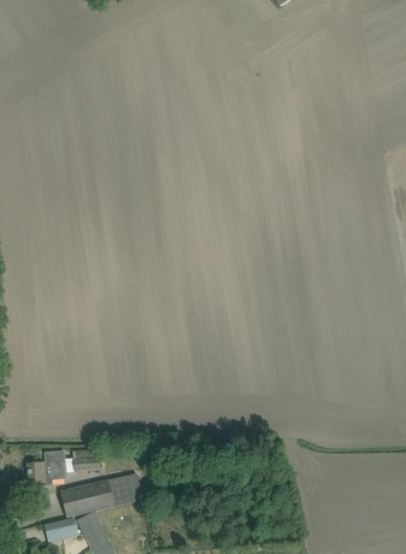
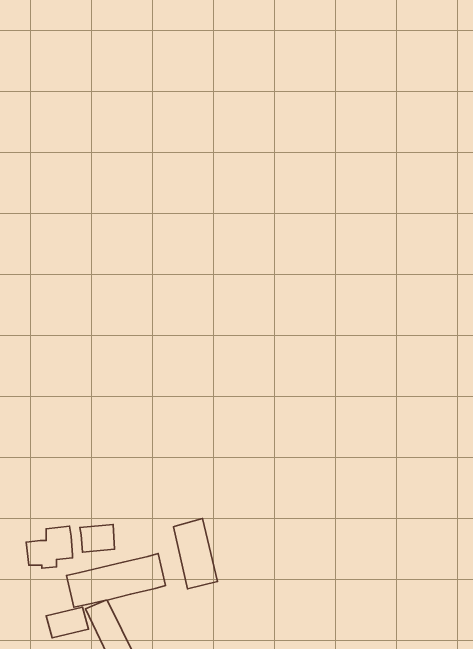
building: none -> [174,519,218,589]

